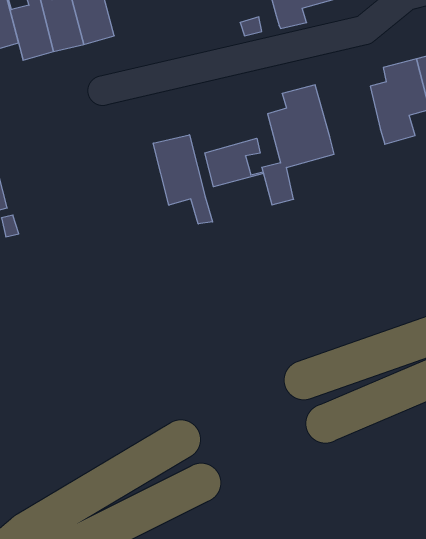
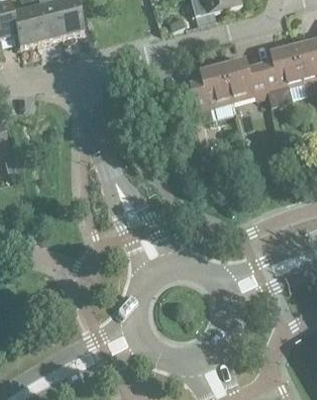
building: none -> [223,57,269,99]
building: [153,135,213,224] -> none
building: [205,138,263,187] -> none

